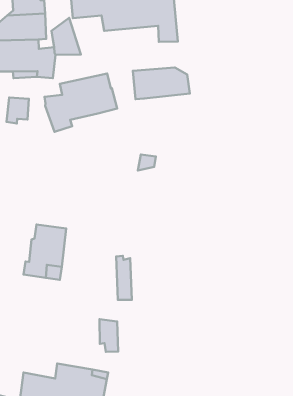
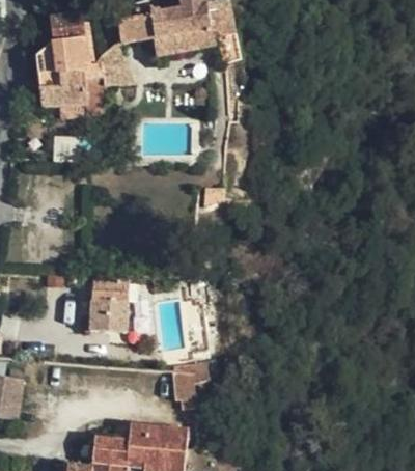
building: [133,67,190,99] -> none
building: [45,74,117,132] -> none

